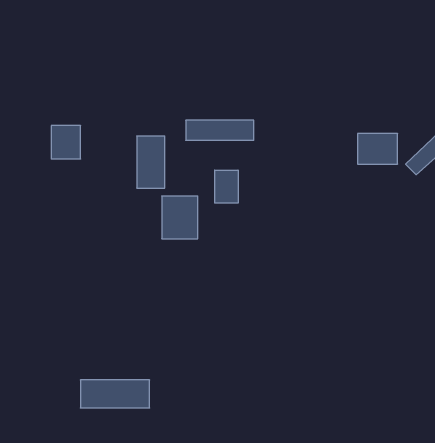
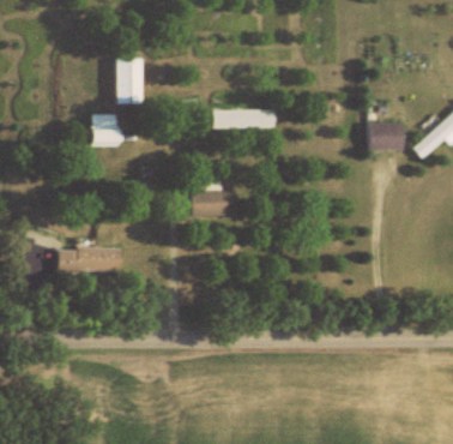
building: [137,136,165,188] -> [117,58,143,104]
building: [215,170,238,203] -> none
building: [80,380,150,408] -> [60,248,122,274]

